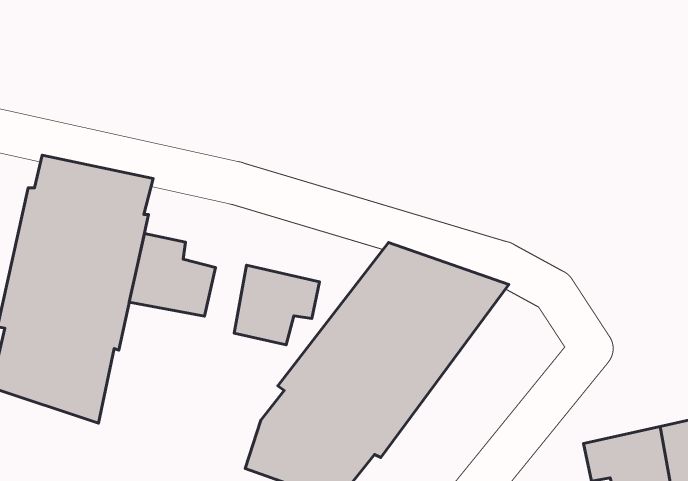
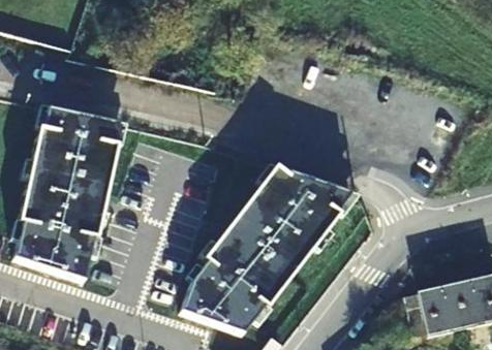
building: [129,234,216,316] -> none
building: [234,265,319,345] -> none

